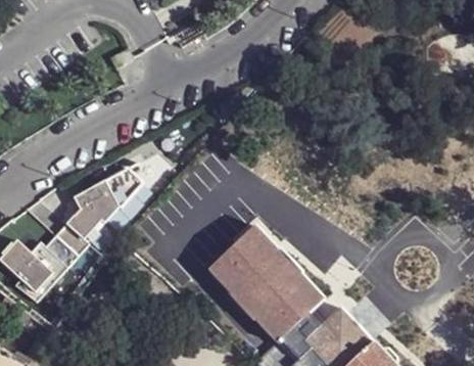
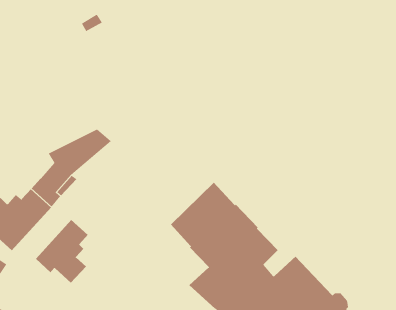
building: none -> [35,219,89,284]

